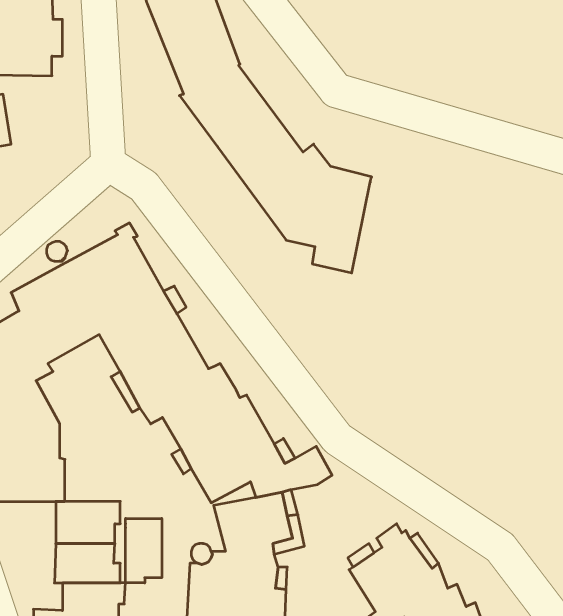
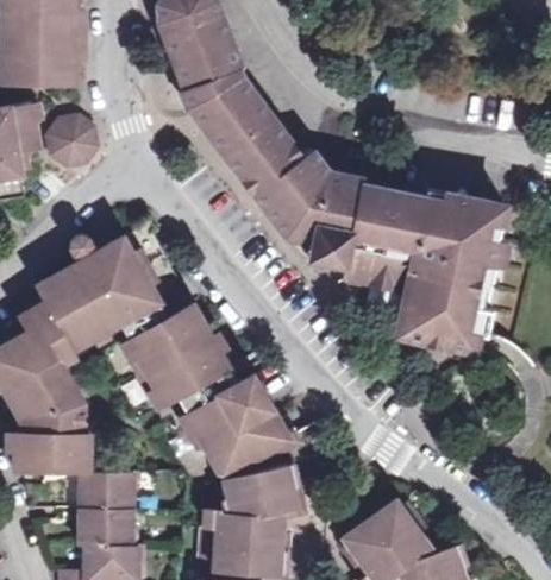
building: none -> [46,111,104,166]
building: none -> [343,184,503,352]
building: [126,518,162,583] -> none

